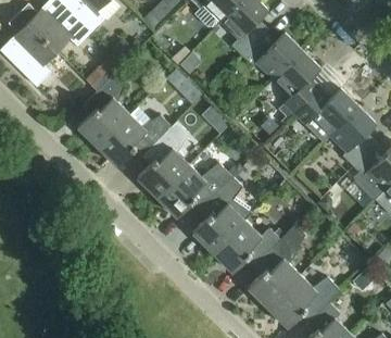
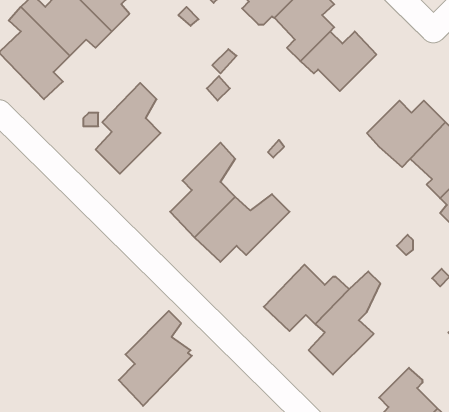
building: [273,50,320,113] -> none
building: [97,107,177,165] -> none
building: [192,176,251,252] -> [119,311,192,406]
building: [267,274,340,327] -> none

